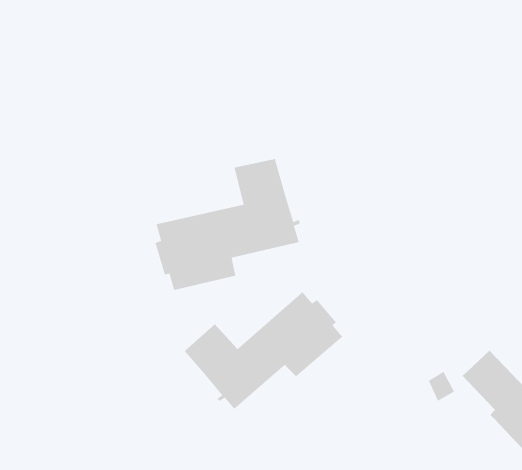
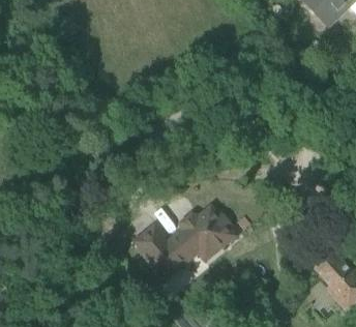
building: [155,158,301,291] -> none

